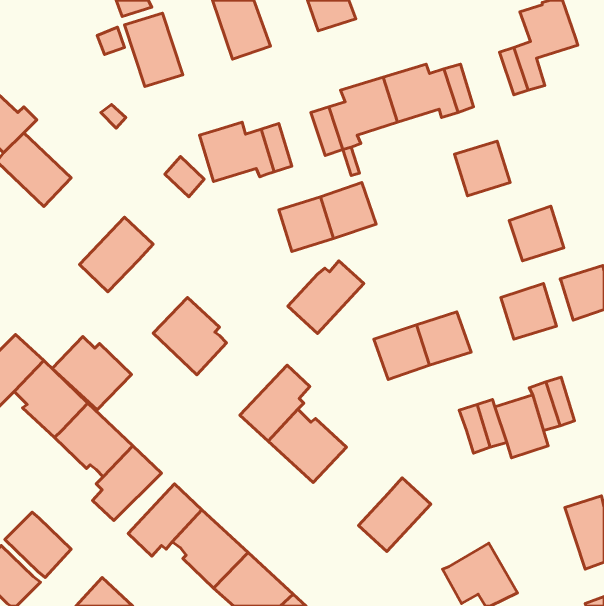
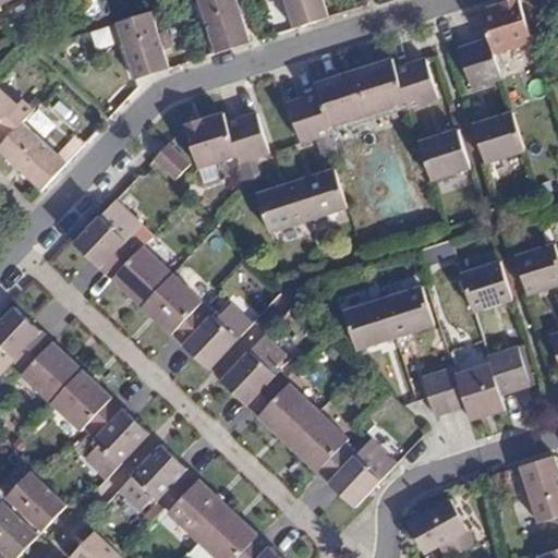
building: [509,206,564,261] -> [473,112,523,162]
building: [288,261,364,333] -> [181,303,251,369]
building: [52,336,132,410] -> [99,239,172,306]
building: none -> [288,411,356,483]

